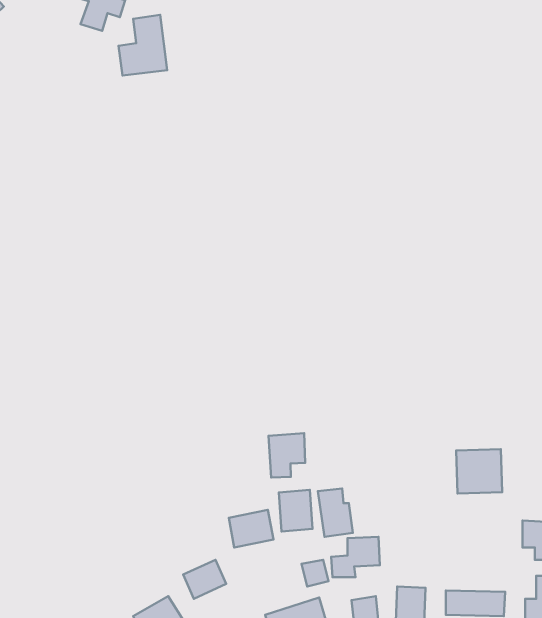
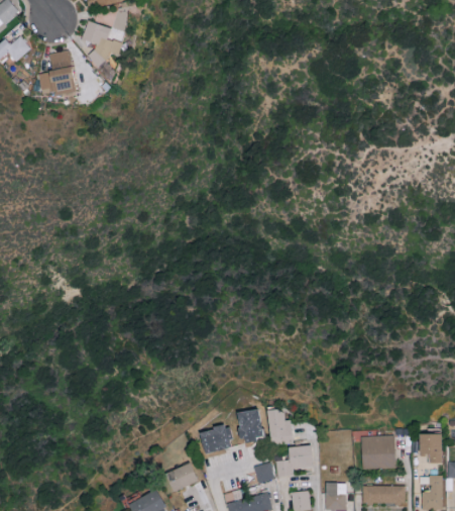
building: [118,15,167,75] -> [38,49,75,95]
building: [268,433,305,478] -> none
building: [456,449,502,493] -> [361,435,395,469]

